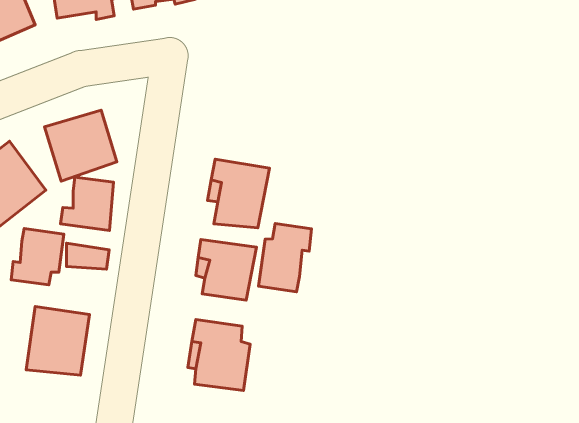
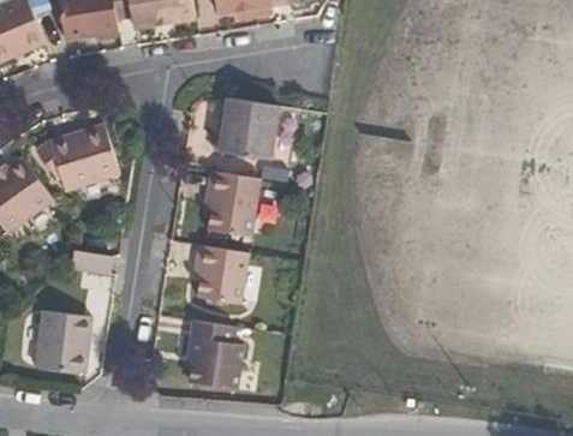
building: none -> [215,98,281,161]
building: [61,177,113,230] -> none
building: [258,224,312,292] -> none
building: [11,228,64,285] -> none

